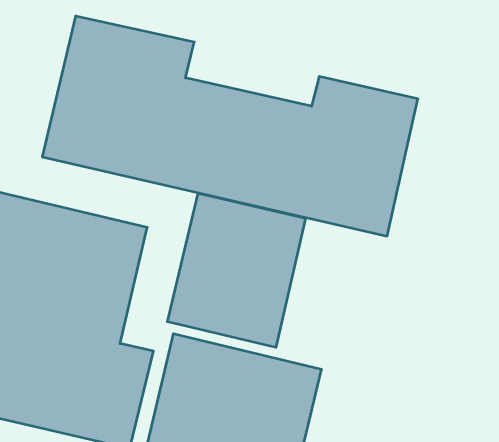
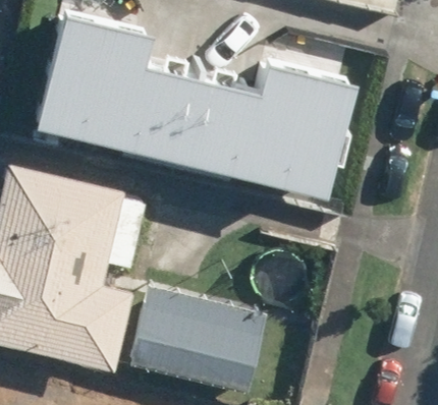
building: [167,193,306,347] -> none

